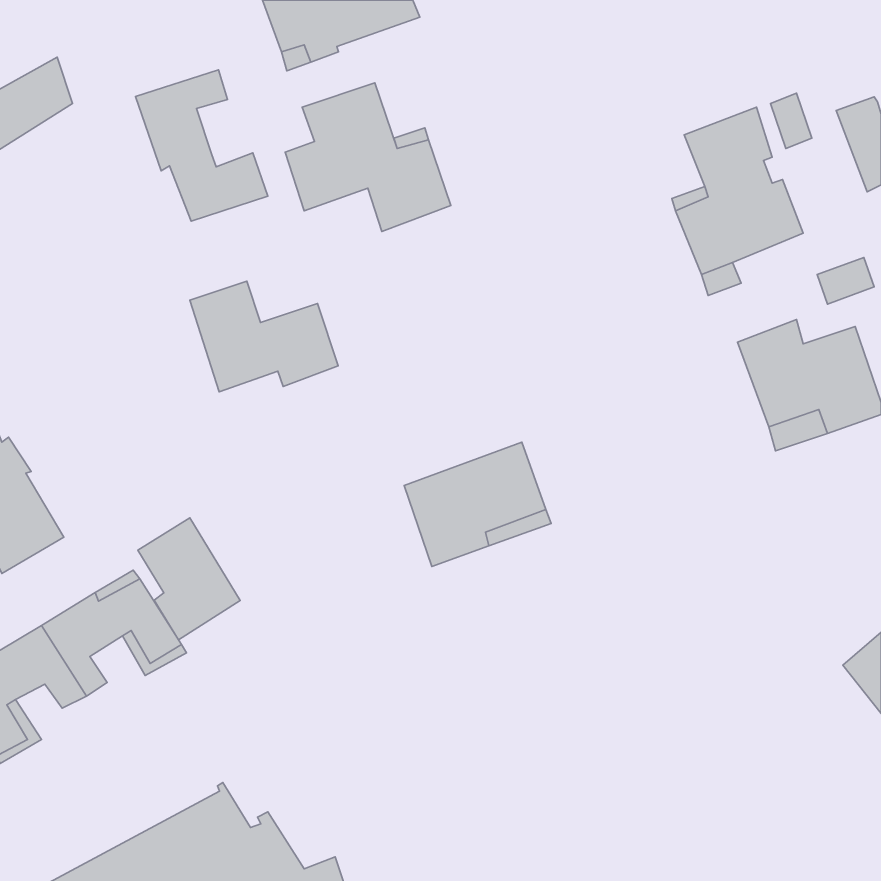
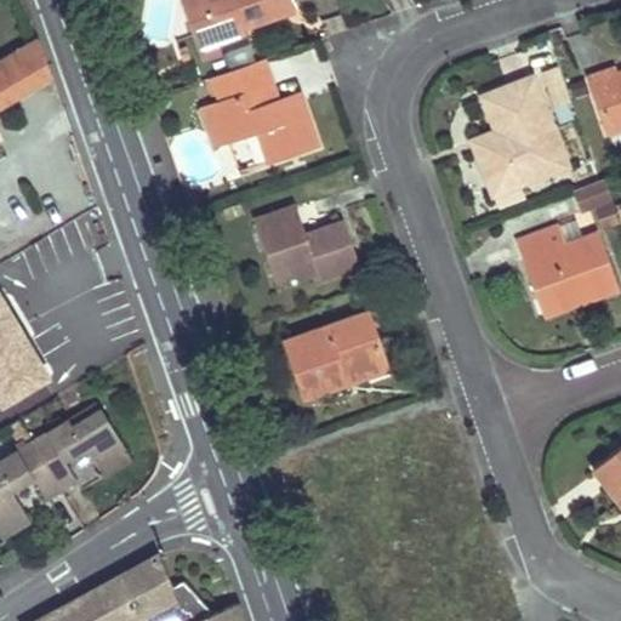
building: [136,70,268,221] -> none
building: [190,281,338,392] -> [253,205,358,283]
building: [138,518,240,640] -> none

